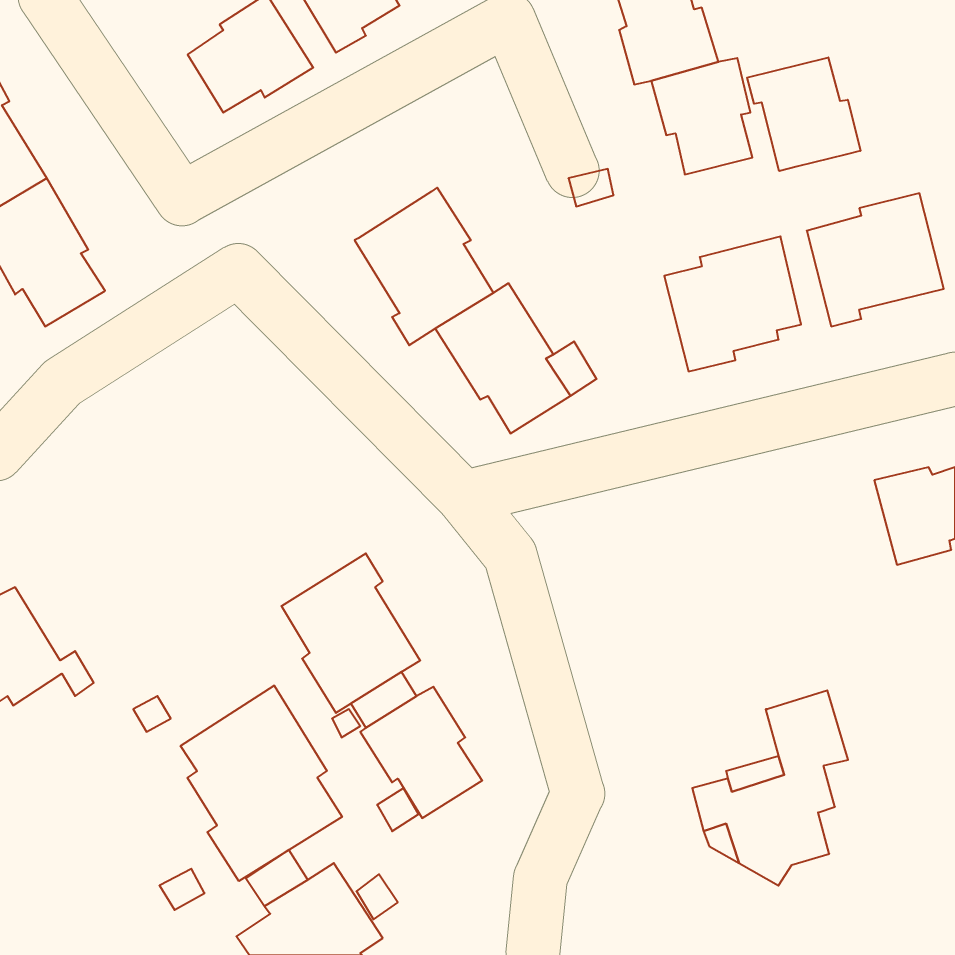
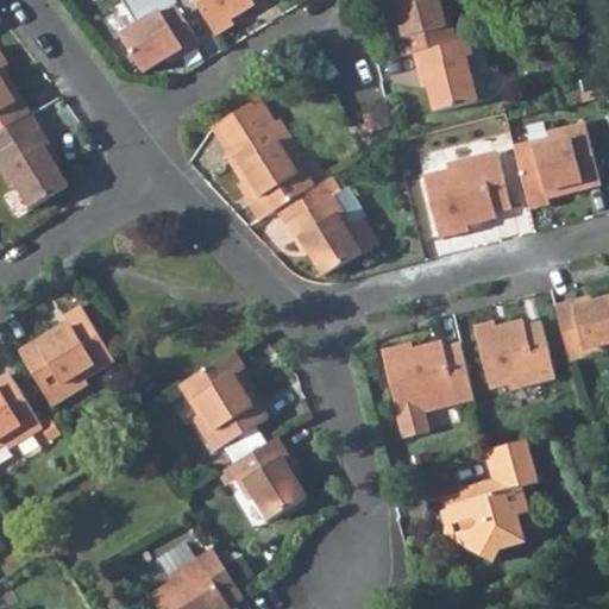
building: [747,57,860,171] -> none
building: none -> [212,98,274,151]
building: none -> [18,306,114,406]
building: none -> [472,320,554,388]
building: none -> [381,340,472,437]
building: [181,685,342,881] -> none

